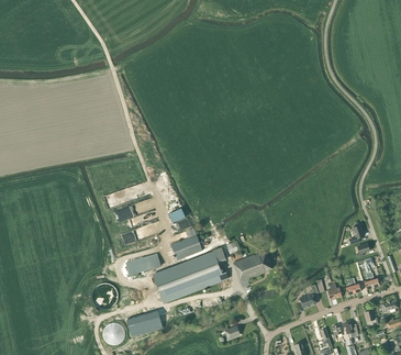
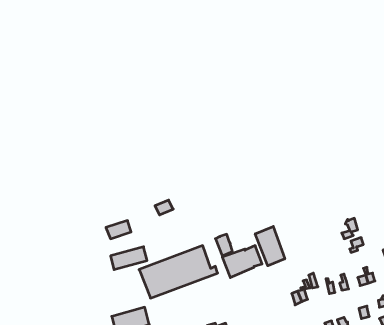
building: none -> [255,226,285,266]
building: [171,234,202,259] -> none

